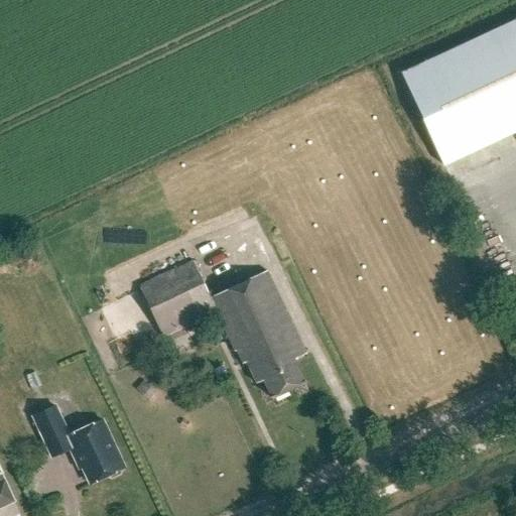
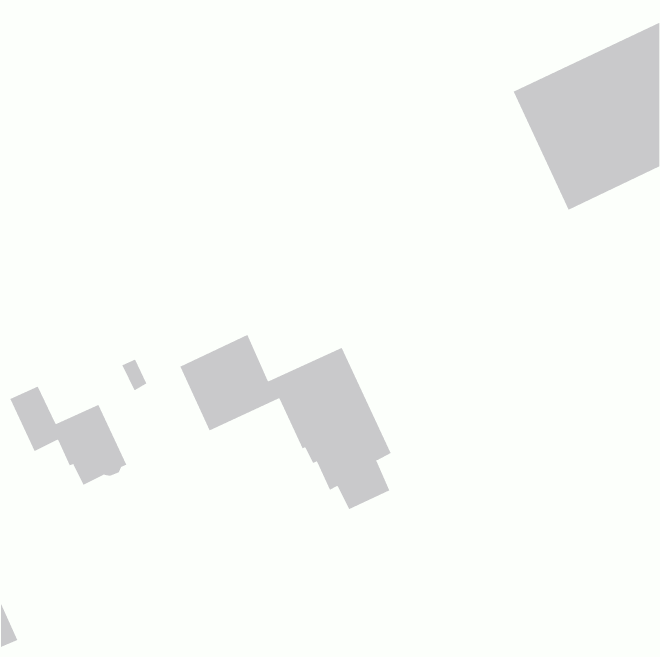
building: [33,405,125,483] -> [10,386,127,485]

